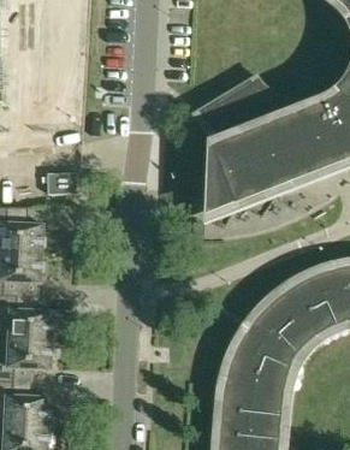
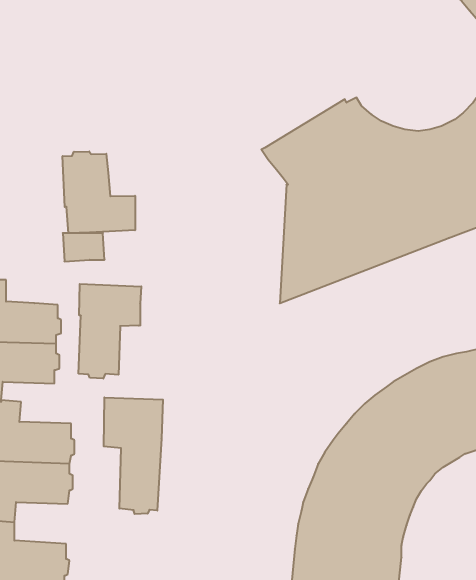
building: none -> [63,151,135,233]
building: none -> [79,284,141,379]
building: none -> [104,397,163,514]

